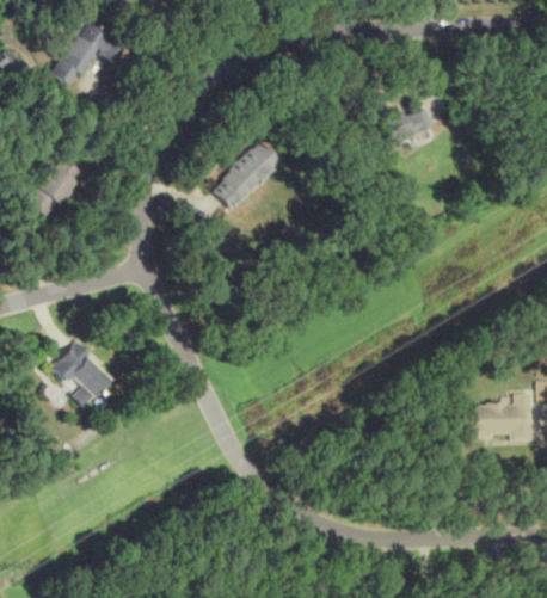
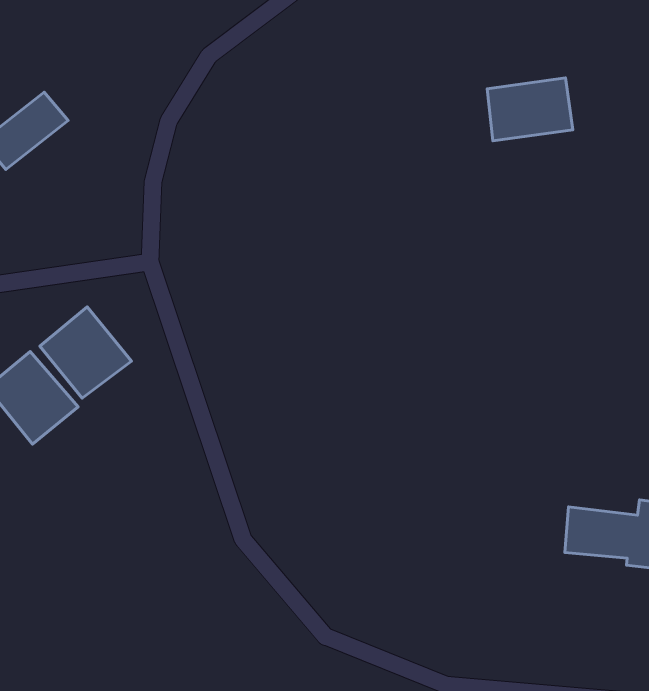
building: [213,140,281,208] -> none
building: none -> [40,307,132,398]

